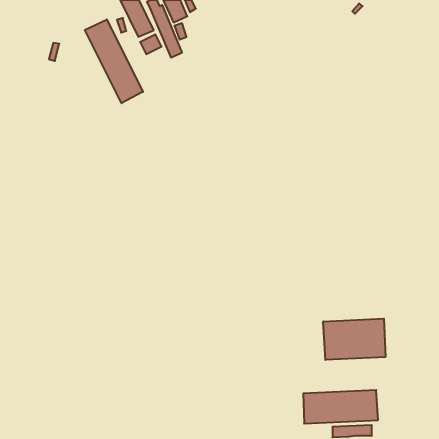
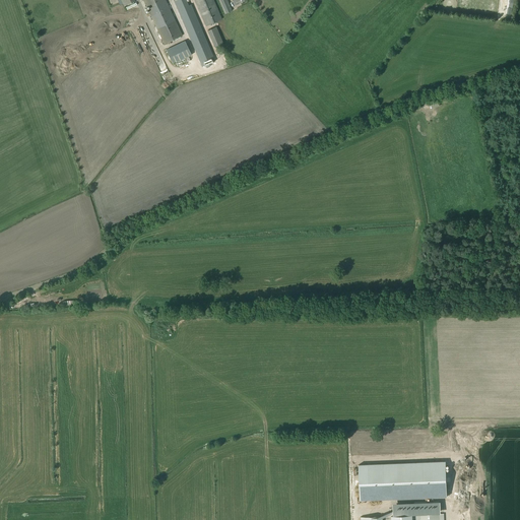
building: [85,19,143,103] -> none
building: [323,319,385,360] -> none

